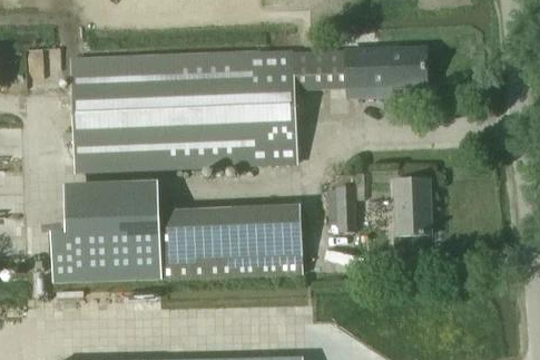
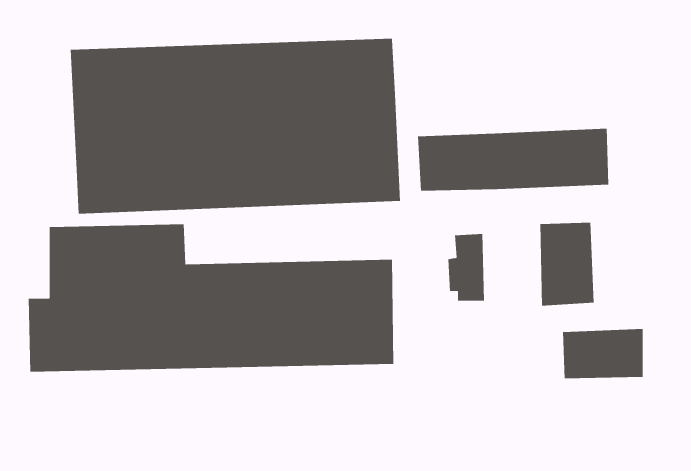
building: [293,46,425,89] -> [417,128,609,191]
building: none -> [563,328,643,379]

